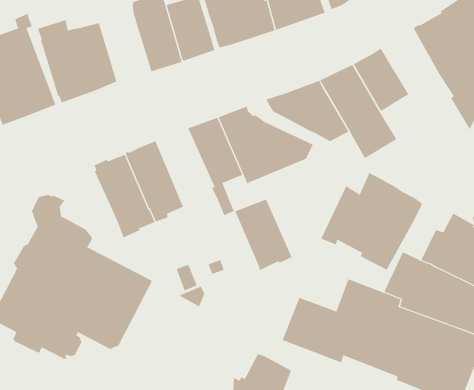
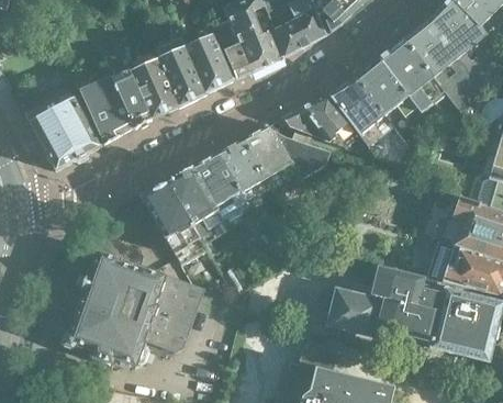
building: none -> [128,49,180,117]
building: none -> [379,37,447,112]
building: [321,172,423,271] -> none
building: [235,199,293,271] -> [192,150,248,214]

